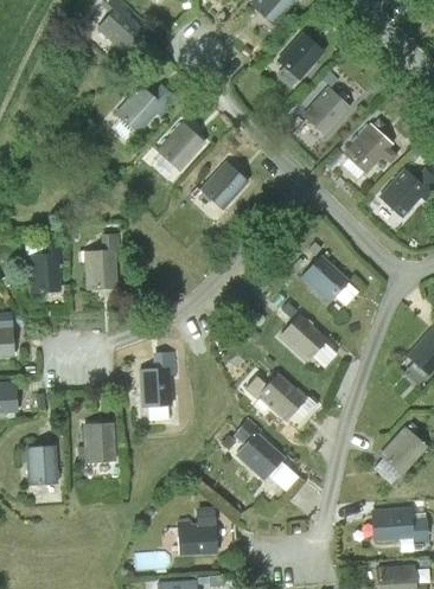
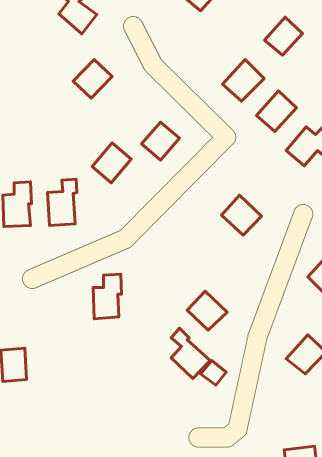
building: [277,31,325,78] -> [264,17,302,55]
building: [158,120,206,169] -> [92,143,131,183]
building: [280,313,330,363] -> none
building: [82,422,116,462] -> none
building: [179,508,217,557] -> none
building: [376,508,415,548] -> none

